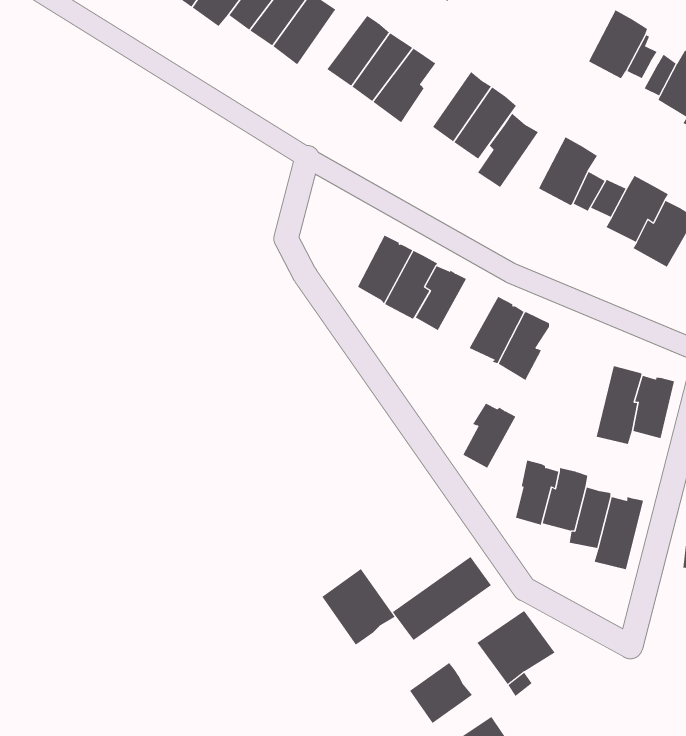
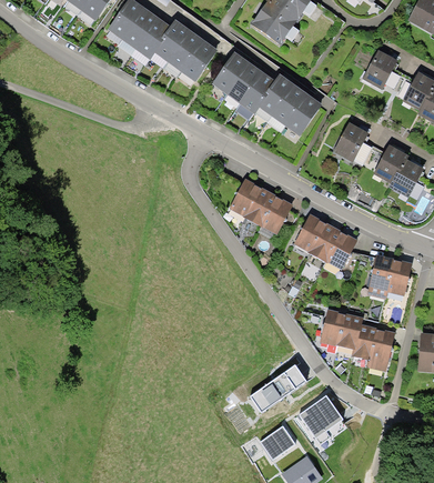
building: [477,113,539,188] -> [259,73,294,117]
building: [462,403,516,468] -> [326,232,357,270]
building: [321,568,396,645] -> none

